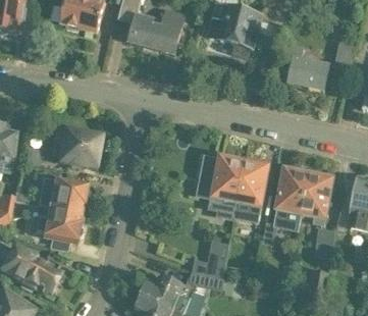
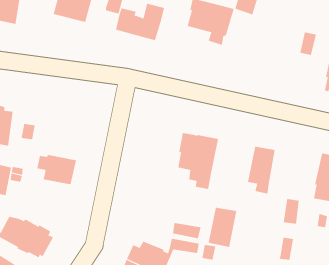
building: [283,50,329,90] -> none
building: [50,128,99,166] -> none
building: [236,161,269,206] -> [208,207,237,247]
building: [301,173,332,218] -> none
building: [35,206,81,241] -> none

